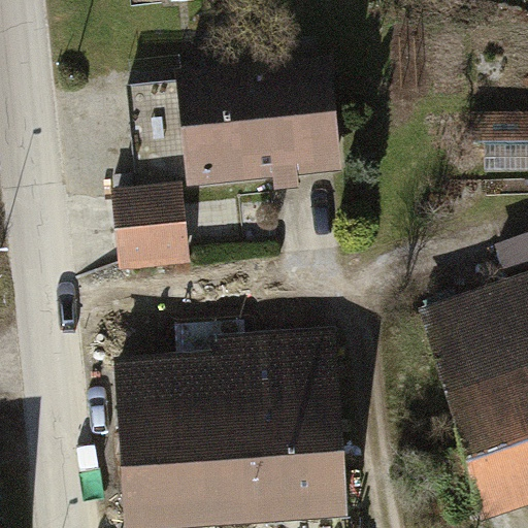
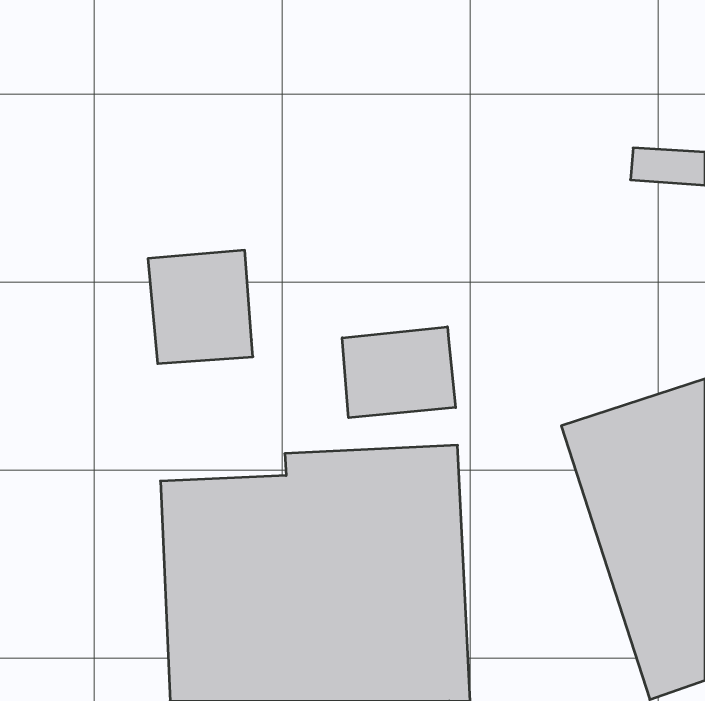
building: [178,62,343,183] -> none
building: none -> [342,327,456,418]

